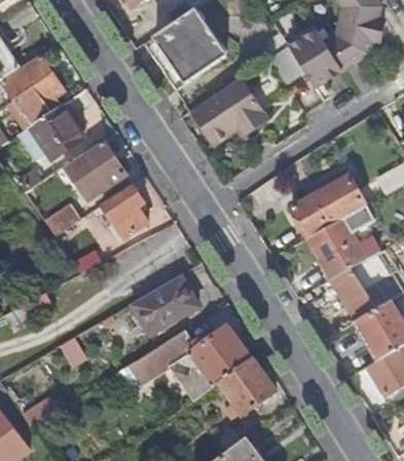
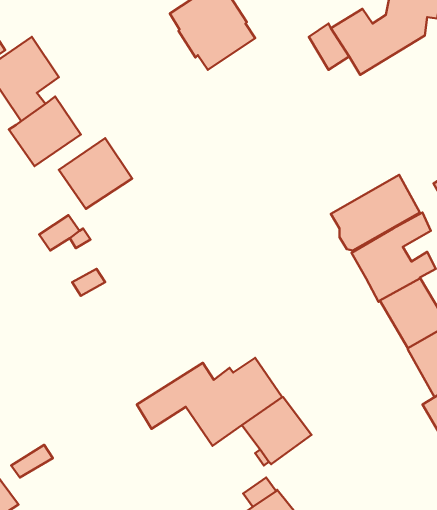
building: [193,77,267,144] -> none
building: [101,184,148,237] -> none
building: [132,275,198,334] -> none

